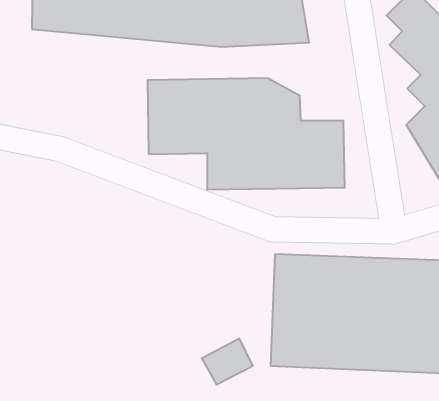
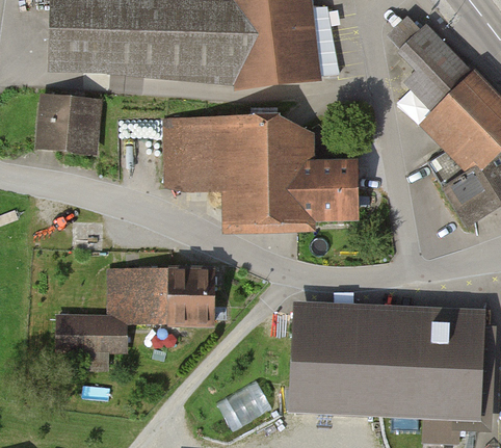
building: none -> [36,97,103,155]
building: none -> [54,263,212,368]

